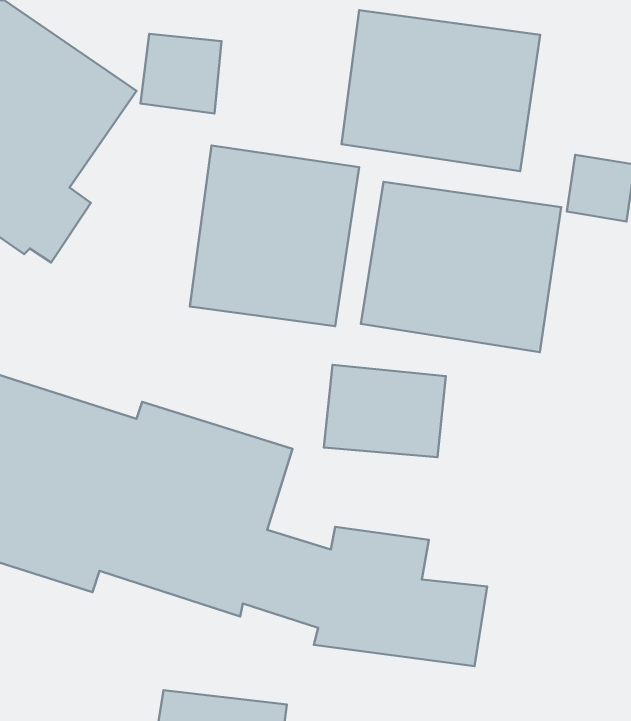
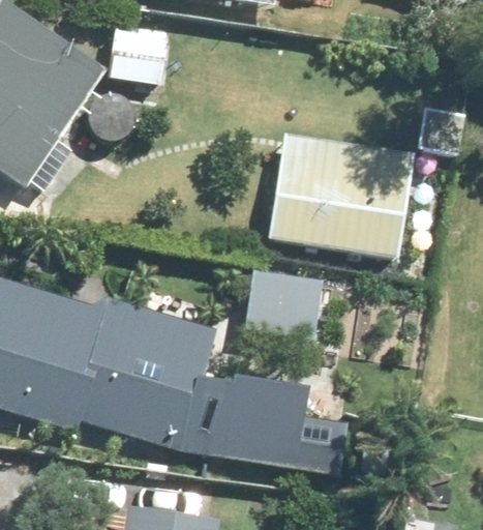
building: [341,10,540,171] -> none
building: [190,146,359,326] -> none

